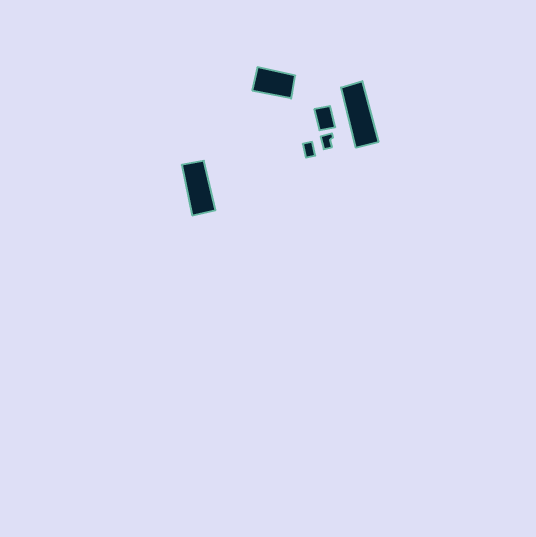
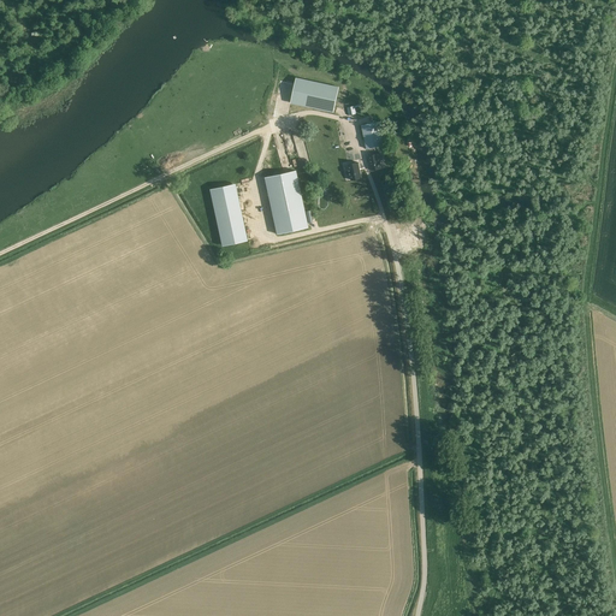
building: [341,81,378,148] -> none
building: none -> [262,171,307,235]

